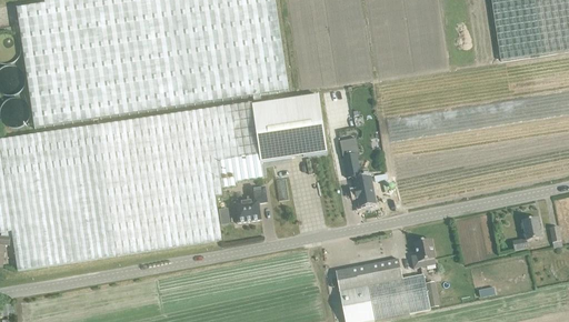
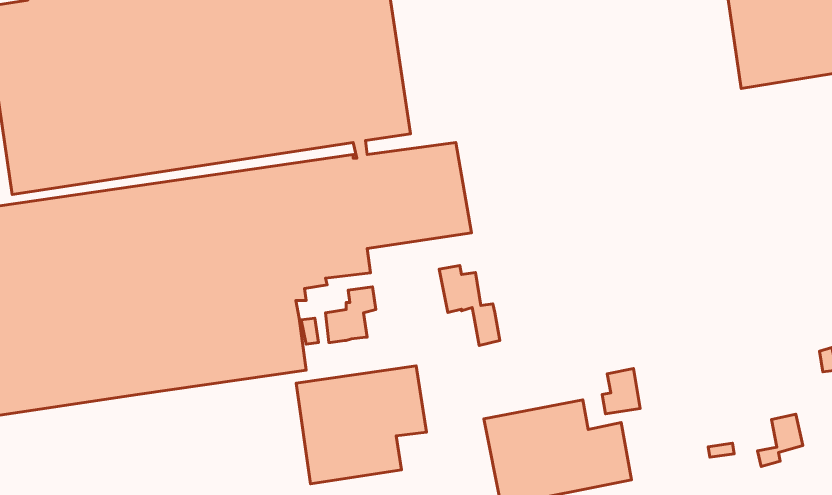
building: [333,148,372,199] -> [439,266,500,346]
building: [513,215,542,249] -> [758,414,803,466]
building: none -> [296,366,427,484]

